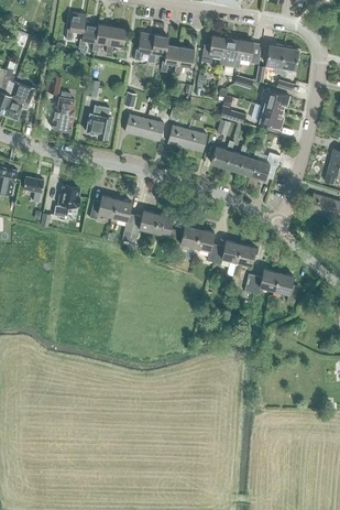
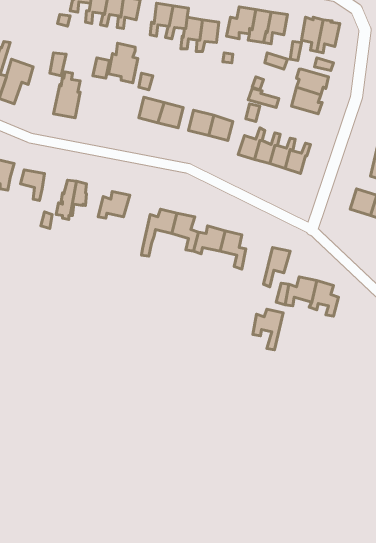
building: [86,105,111,139] -> [109,43,138,83]
building: [111,198,134,245] -> none
building: [213,240,240,275] -> [253,309,283,350]

